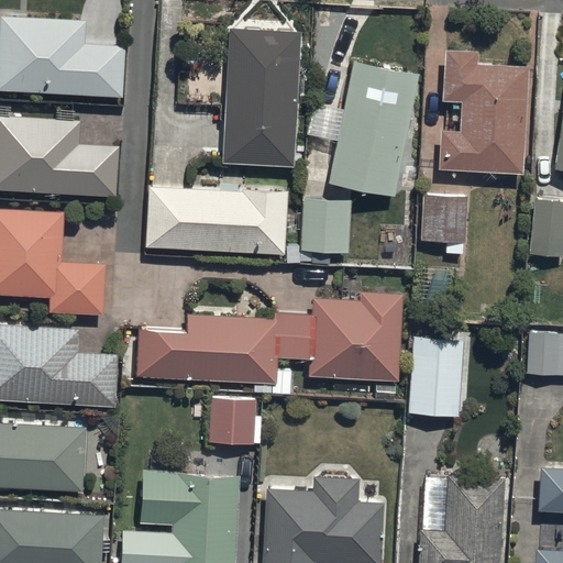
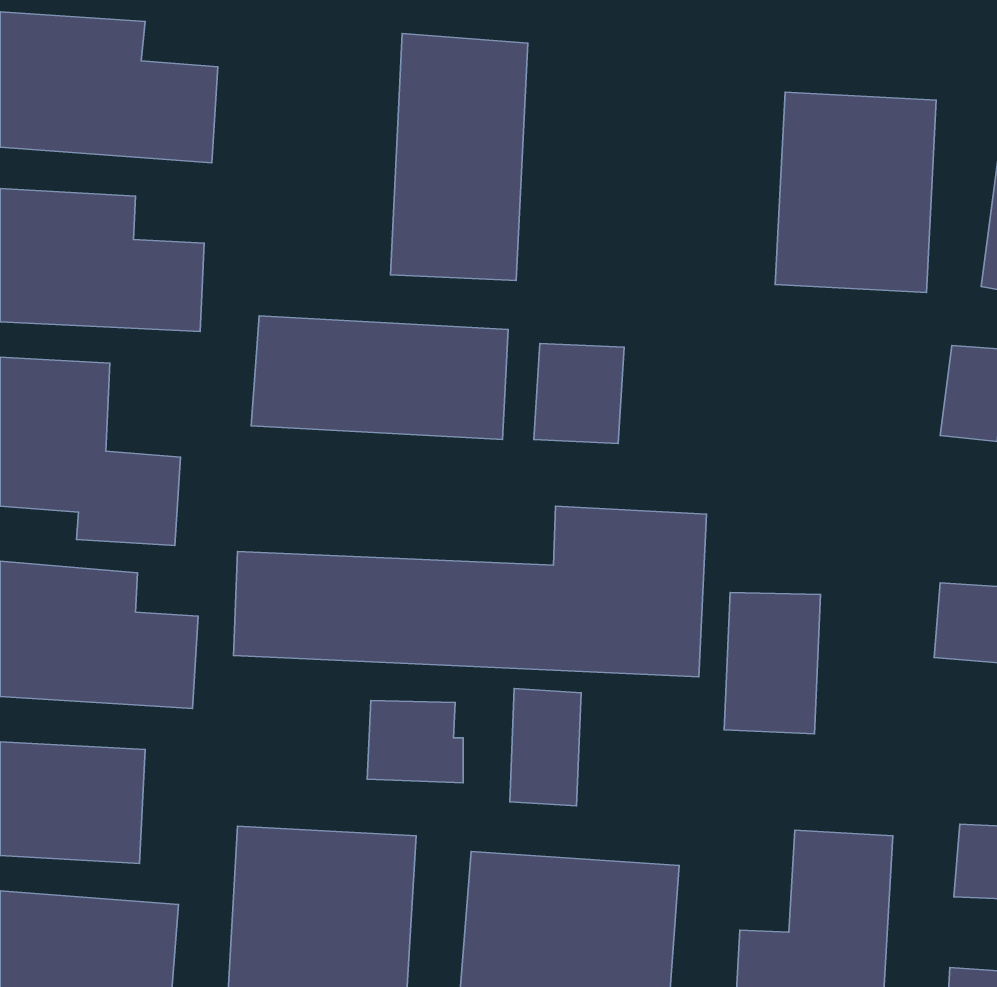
building: [328,60,417,196] -> none
building: [423,200,466,247] -> none
building: none -> [510,689,581,806]

